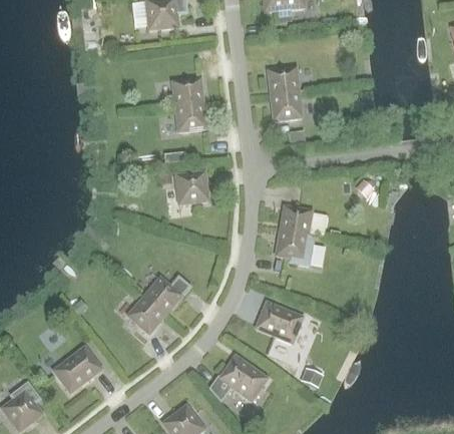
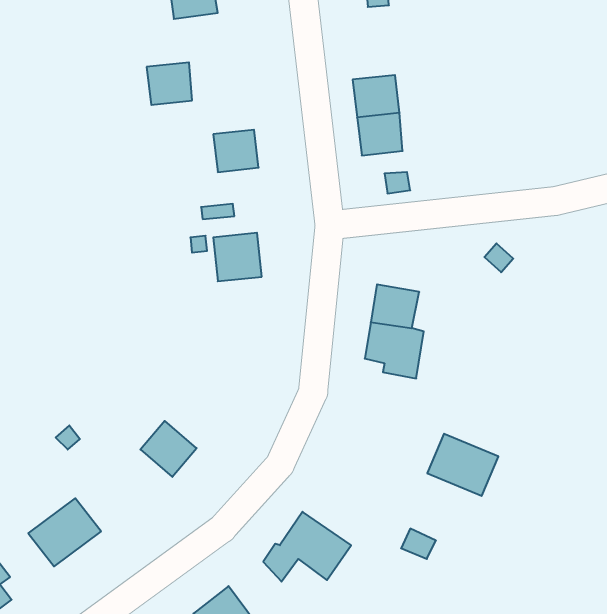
building: [172,78,202,106] -> [147,62,192,105]
building: [143,275,189,314] -> none
building: [256,302,303,343] -> [427,434,498,496]

